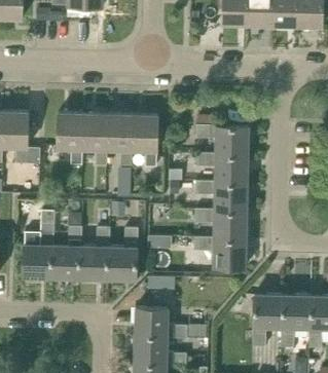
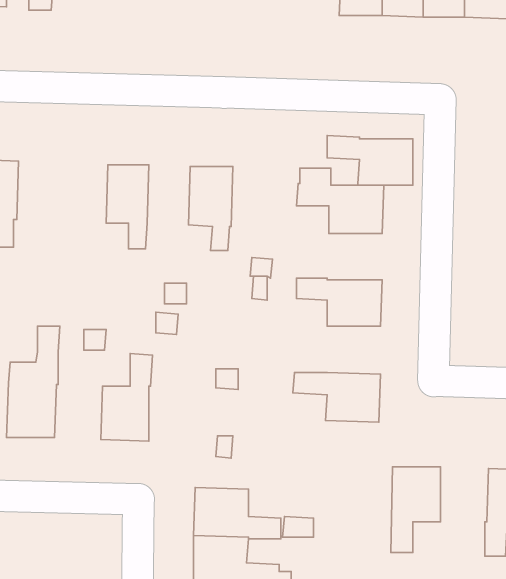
building: [57,113,83,163] -> none
building: [107,114,133,165] -> none
building: [196,153,248,183] -> [327,136,413,185]
building: [195,210,247,239] -> none
building: [51,227,81,278] -> none
building: [108,228,145,281] -> none
building: [282,295,312,347] -> none

